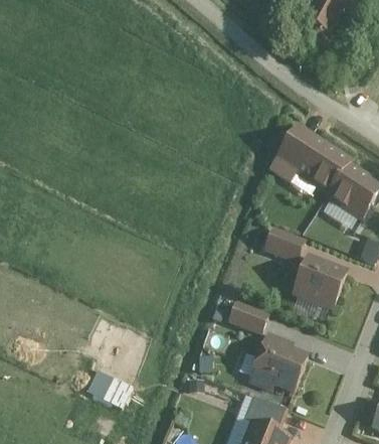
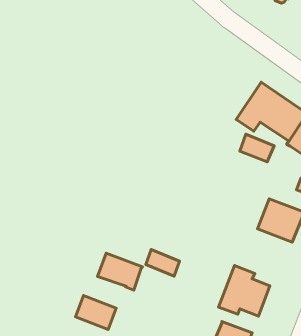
building: [264,228,304,259] -> [240,134,274,162]
building: [228,302,266,332] -> [146,249,180,276]
building: none -> [98,253,143,290]

